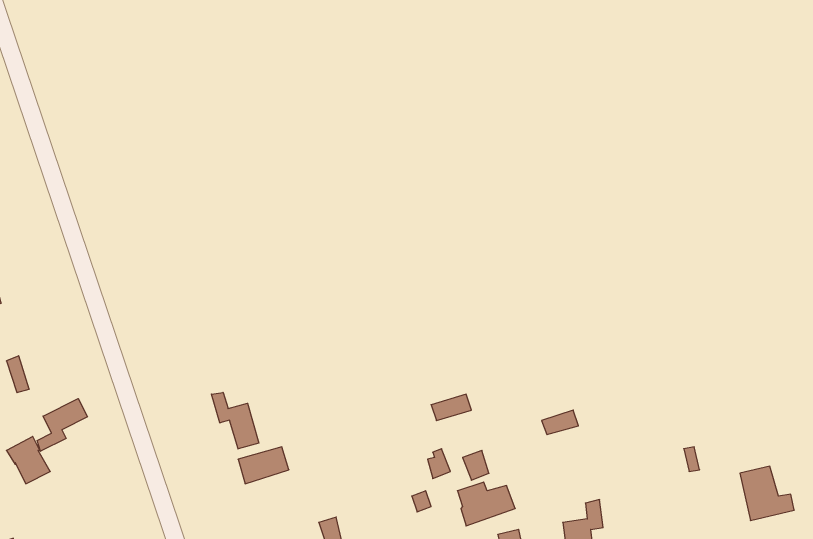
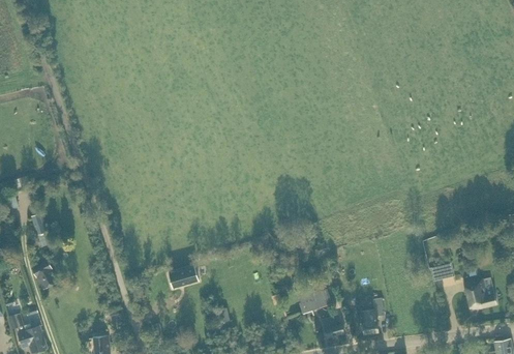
building: [211,392,259,449] -> none
building: [37,399,87,451] -> none

